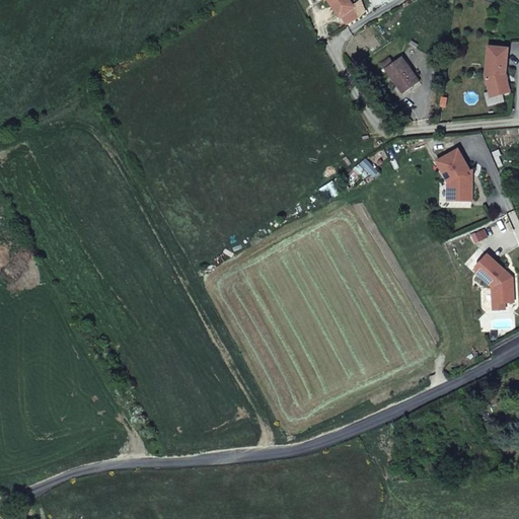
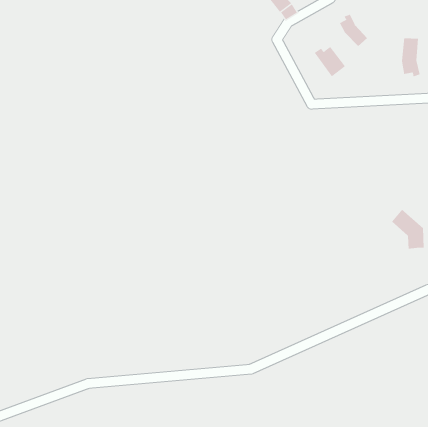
building: none -> [339,14,368,47]
building: [436,148,471,199] -> none

